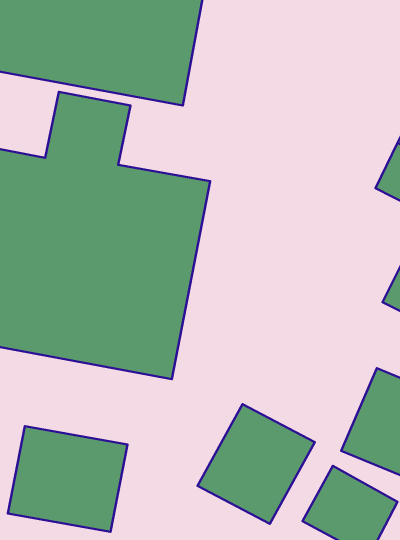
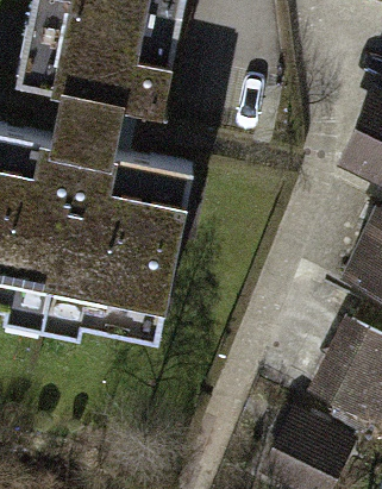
building: [198,404,315,524] -> none
building: [8,426,127,532] -> none

